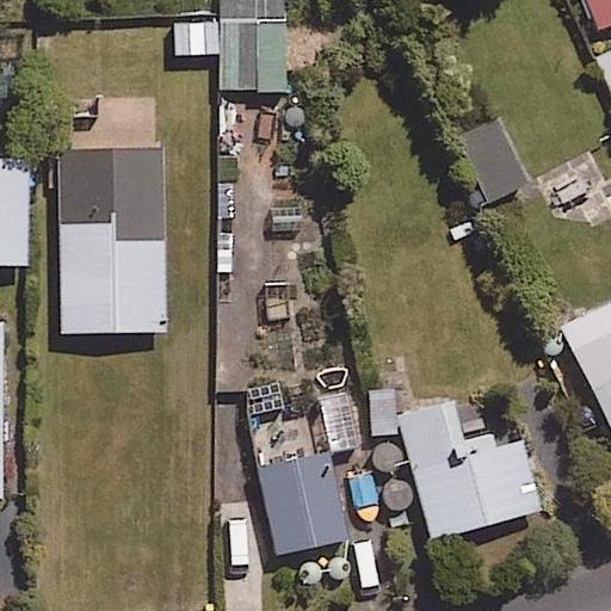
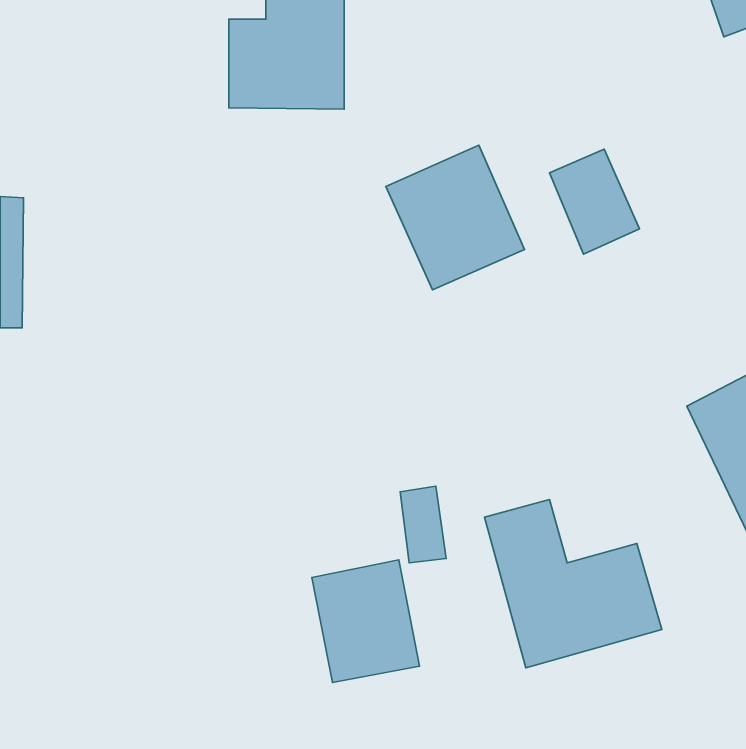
building: none -> [386,145,524,290]
building: [58,149,166,333] -> none

